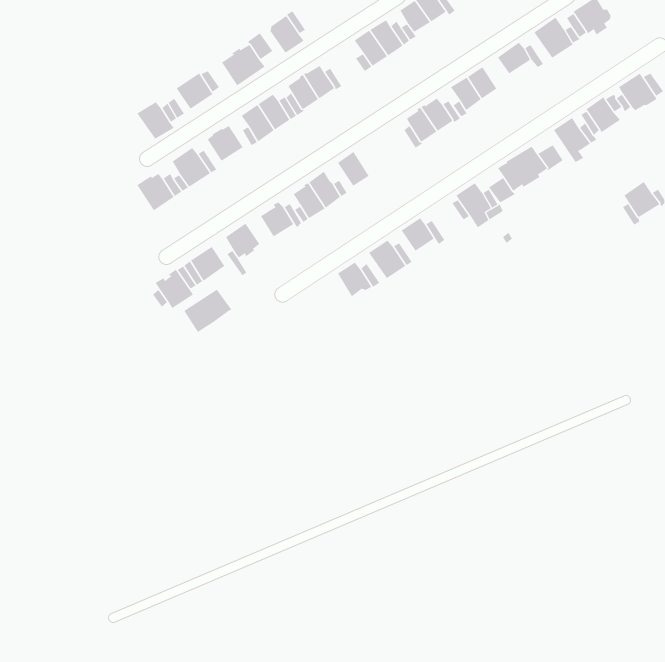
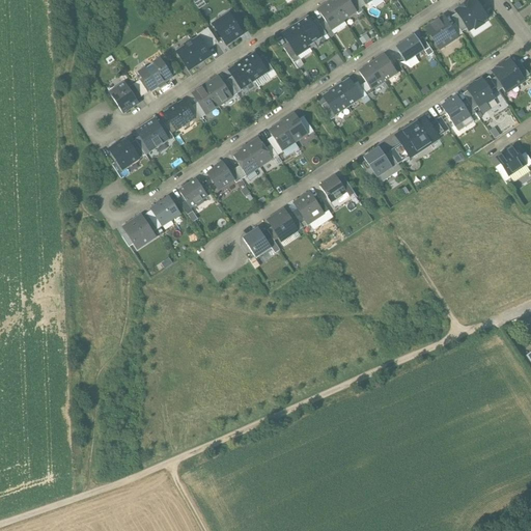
building: none -> [282,111,309,140]
building: none -> [242,225,272,256]
building: [183,289,232,333] -> none

